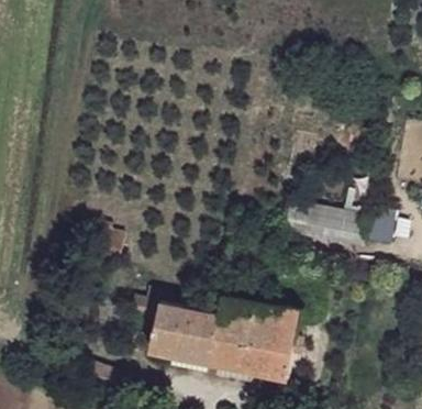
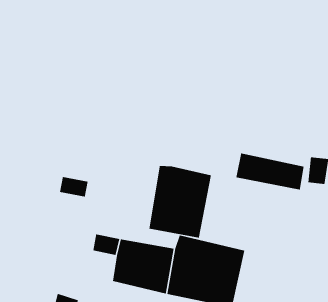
building: none -> [149,165,211,238]

